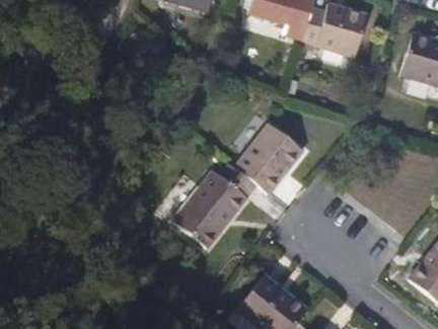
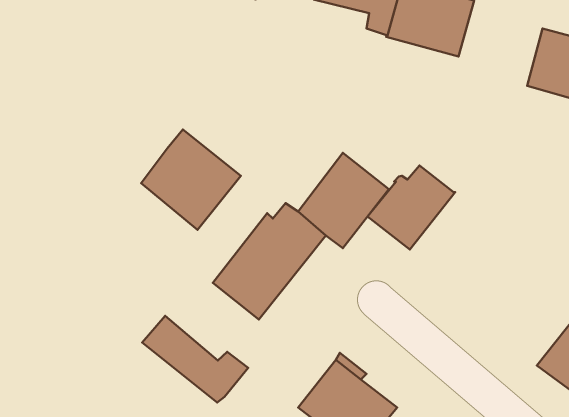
building: none -> [141,129,241,230]
building: none -> [368,166,455,249]
building: none -> [142,316,248,402]

